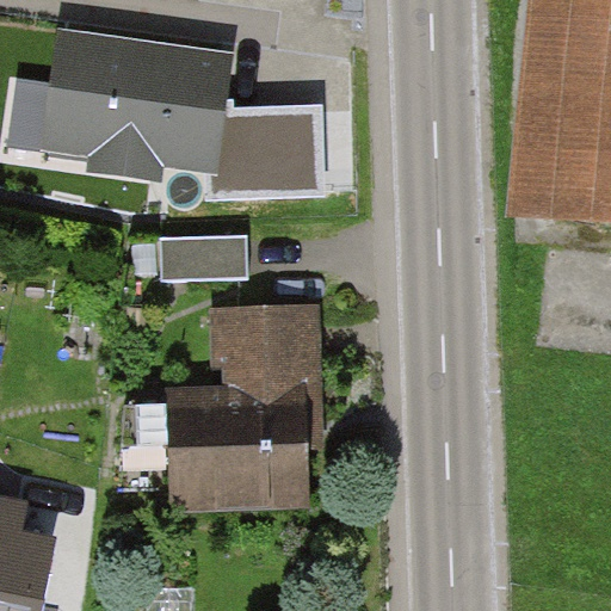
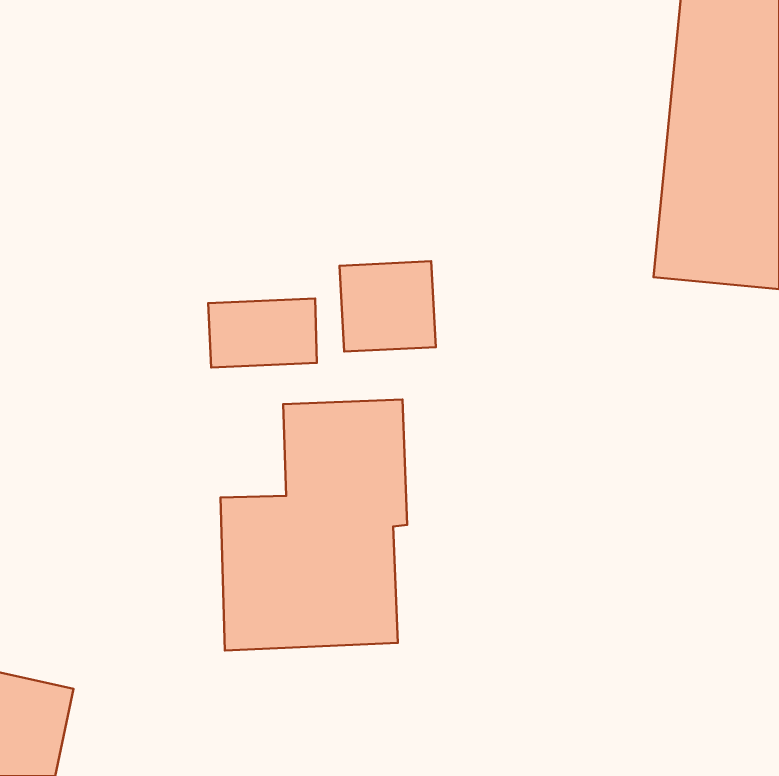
building: [38,26,233,171] -> none
building: [237,117,313,187] -> [339,261,436,352]

